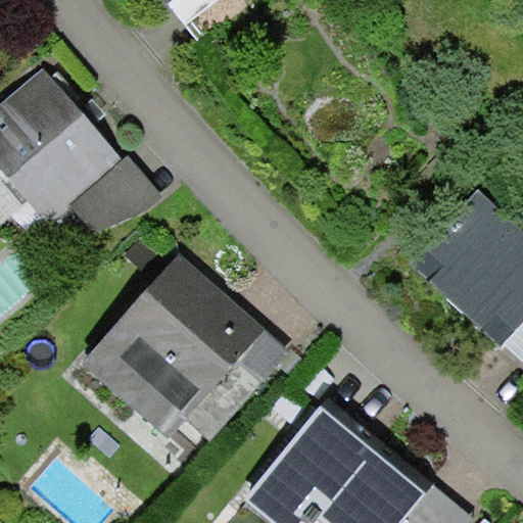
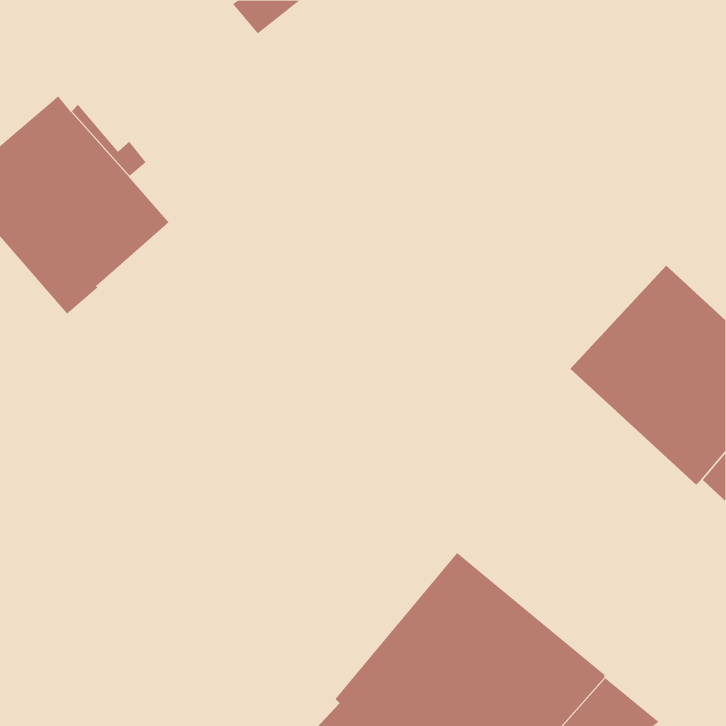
building: [69,156,161,235] -> none
building: [85,257,289,440] -> none

